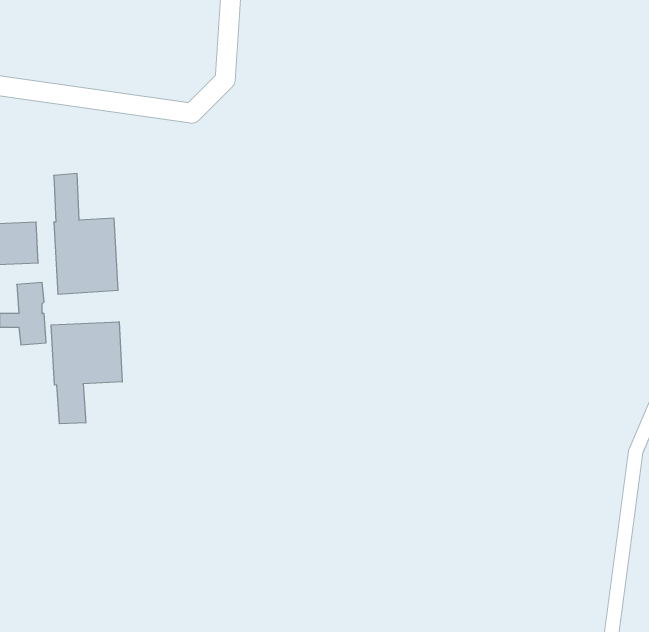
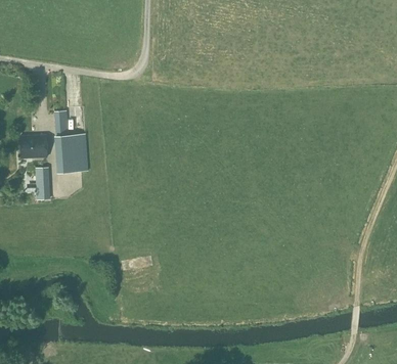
building: [51,322,122,424] -> none

